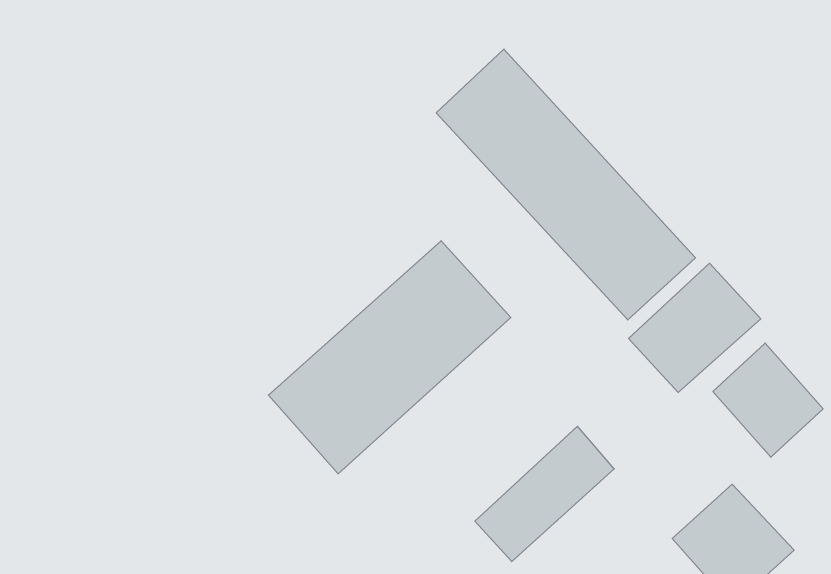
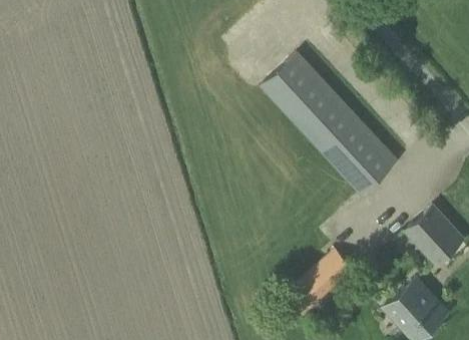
building: [268,241,511,474] -> none
building: [629,263,761,392] -> none

